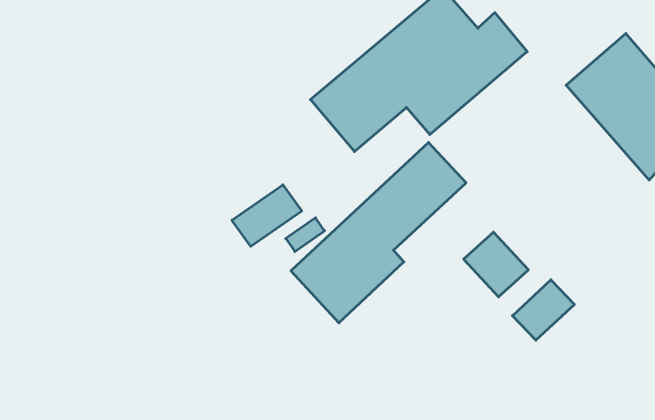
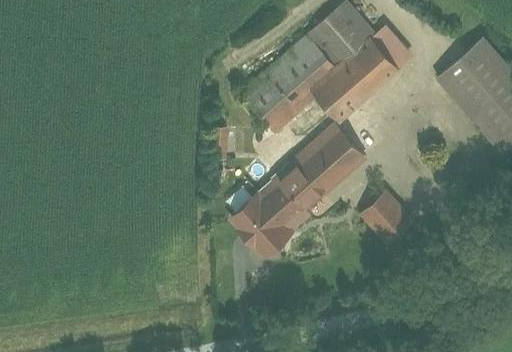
building: [232,185,302,246] -> none
building: [512,280,574,340] -> none

